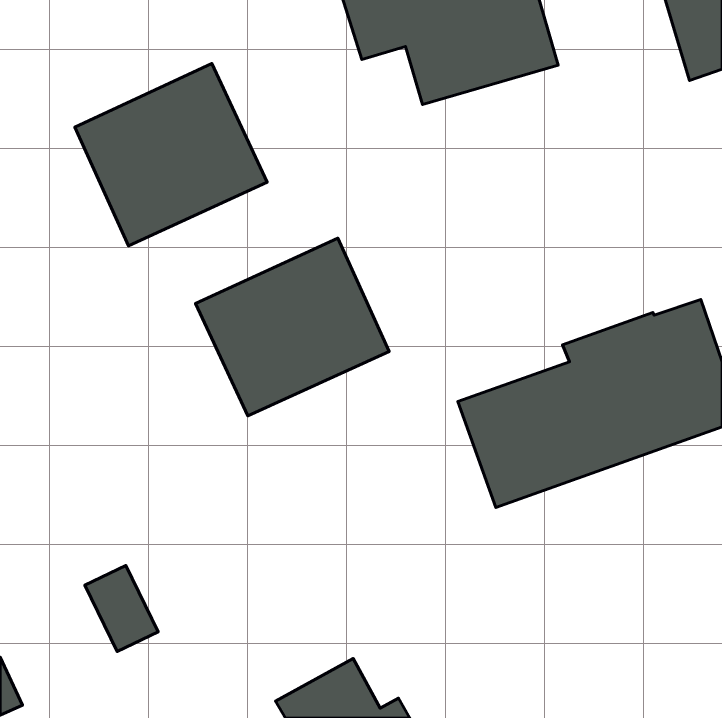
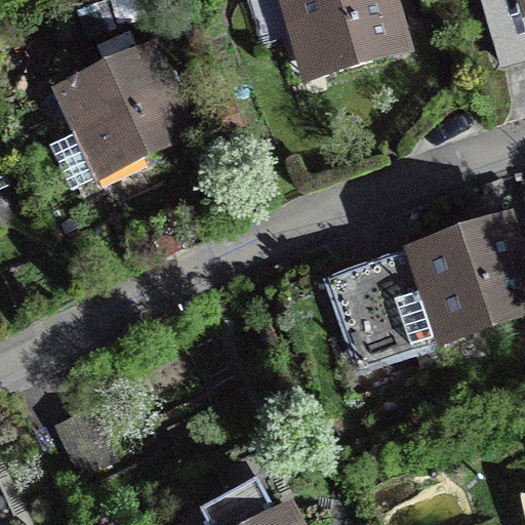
building: [195,238,389,416] -> none

